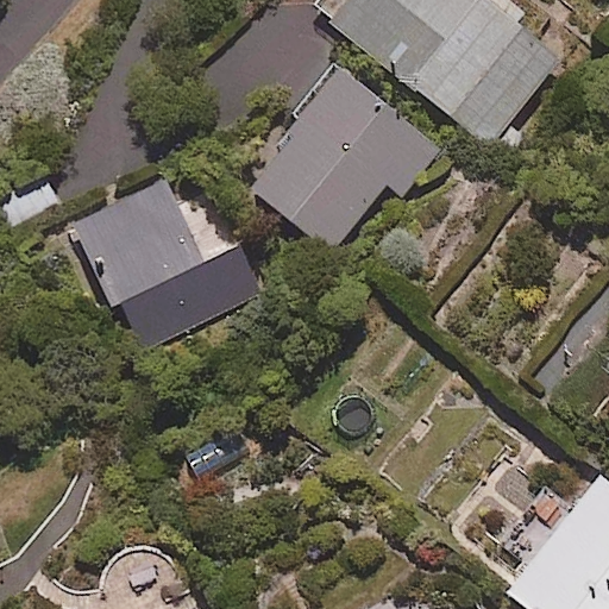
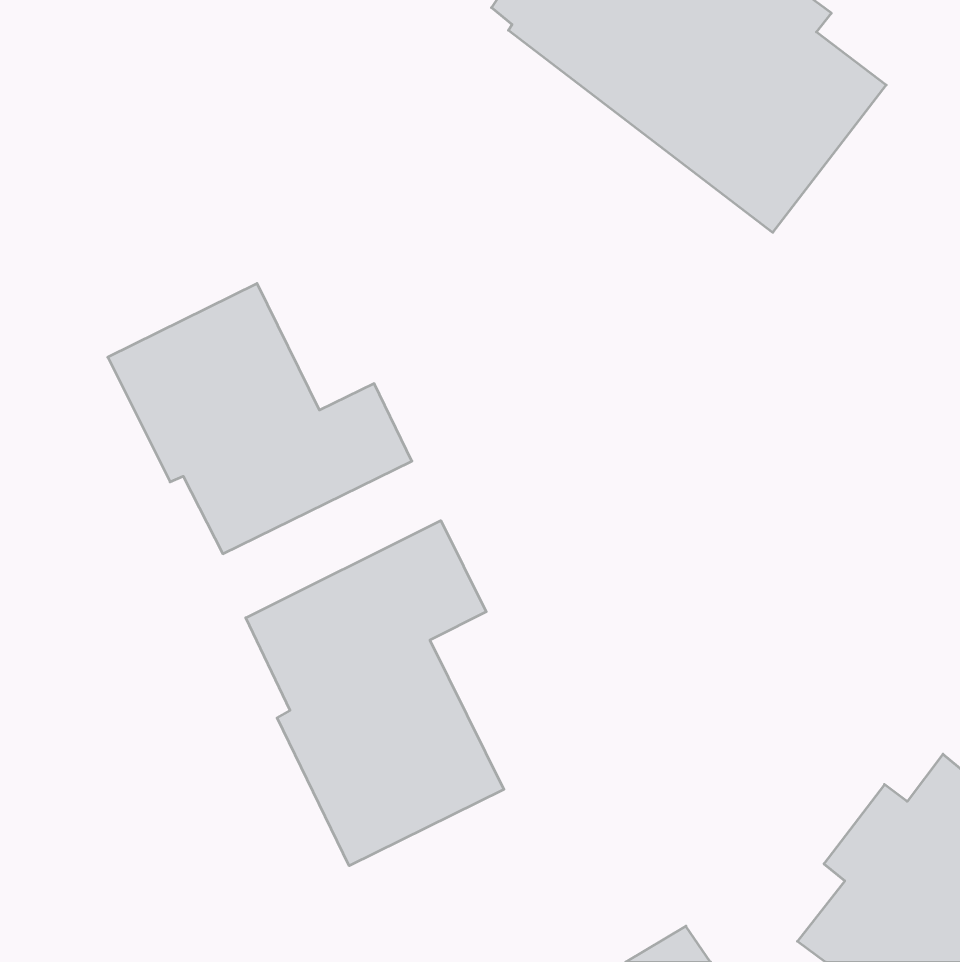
building: [246,68,440,252] -> none
building: none -> [246,521,504,866]

